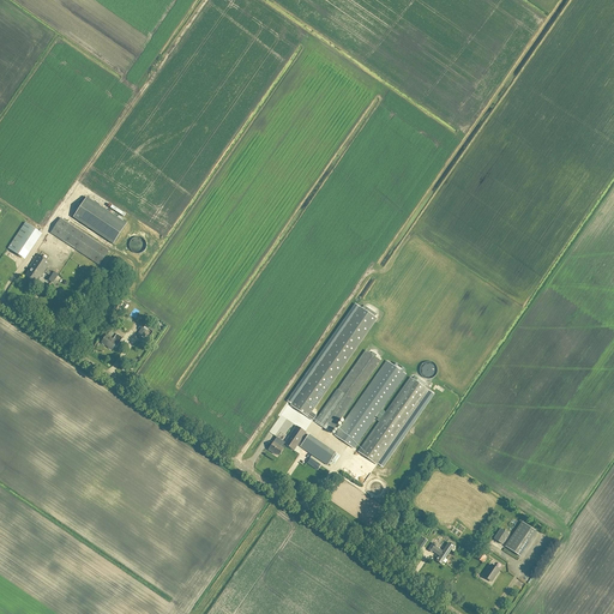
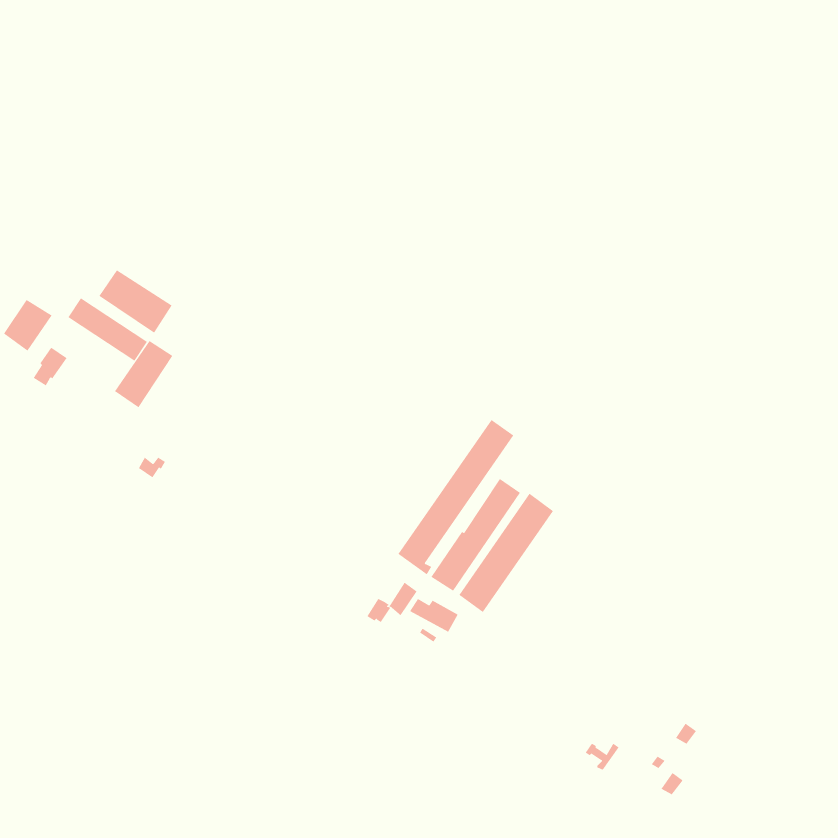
building: none -> [114,340,173,408]
building: [357,377,428,464] -> none
building: [504,520,536,555] -> none

